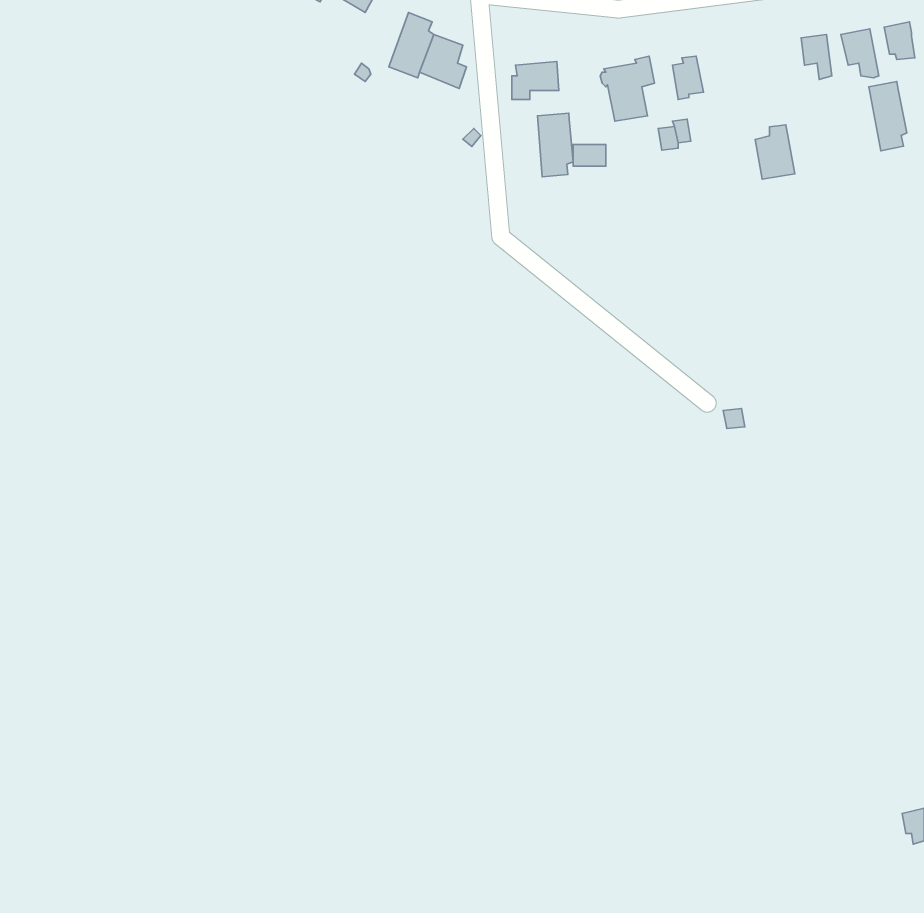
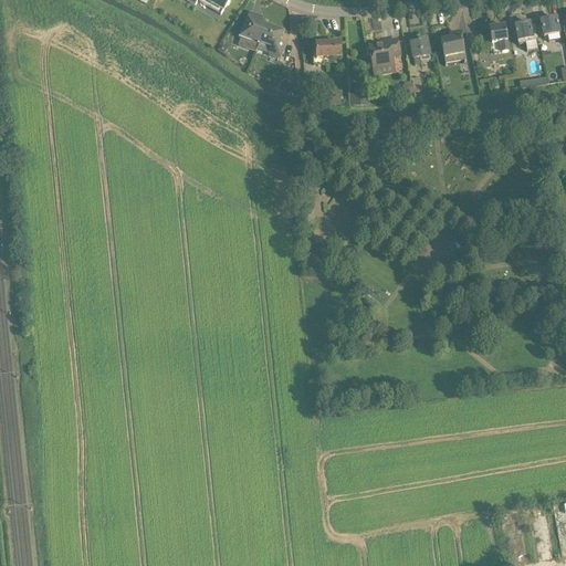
building: [869,81,907,151] -> none
building: [537,113,573,177] -> none
building: [755,125,795,179] -> [441,28,465,61]

